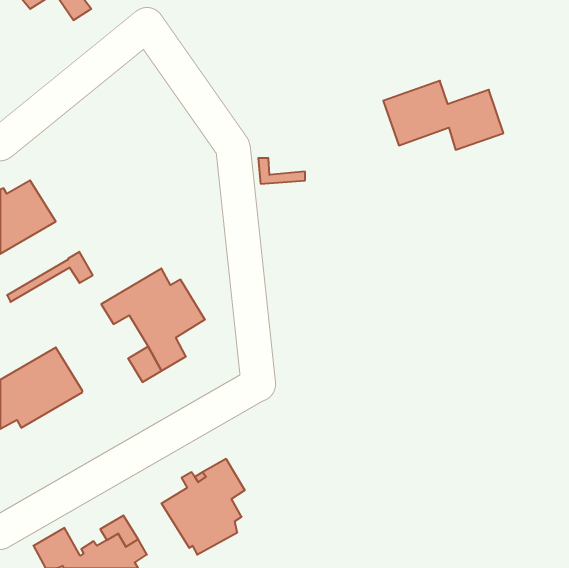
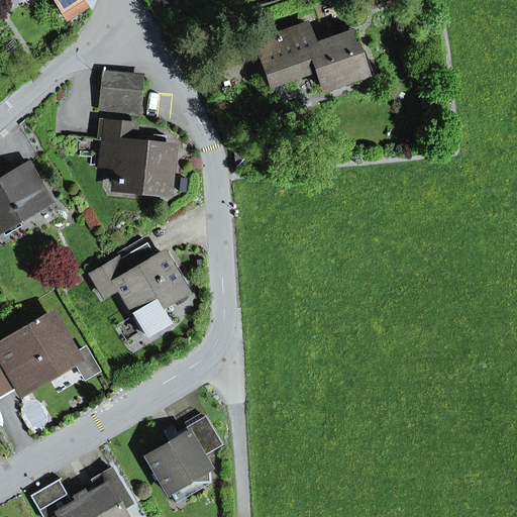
building: [383,81,503,150] -> [255,25,365,88]
building: none -> [99,74,140,111]
building: none -> [103,121,172,189]
building: [7,252,93,302] -> [19,348,97,394]

